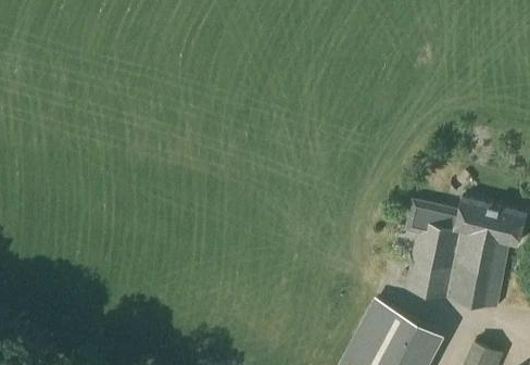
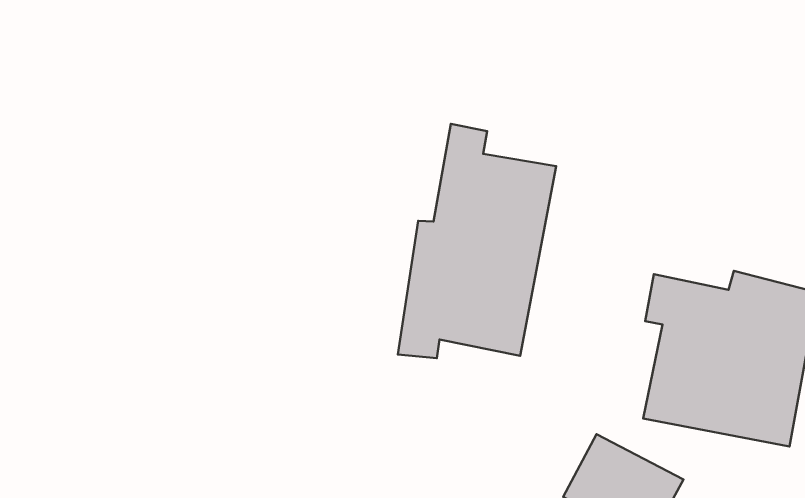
building: none -> [398,124,556,358]

